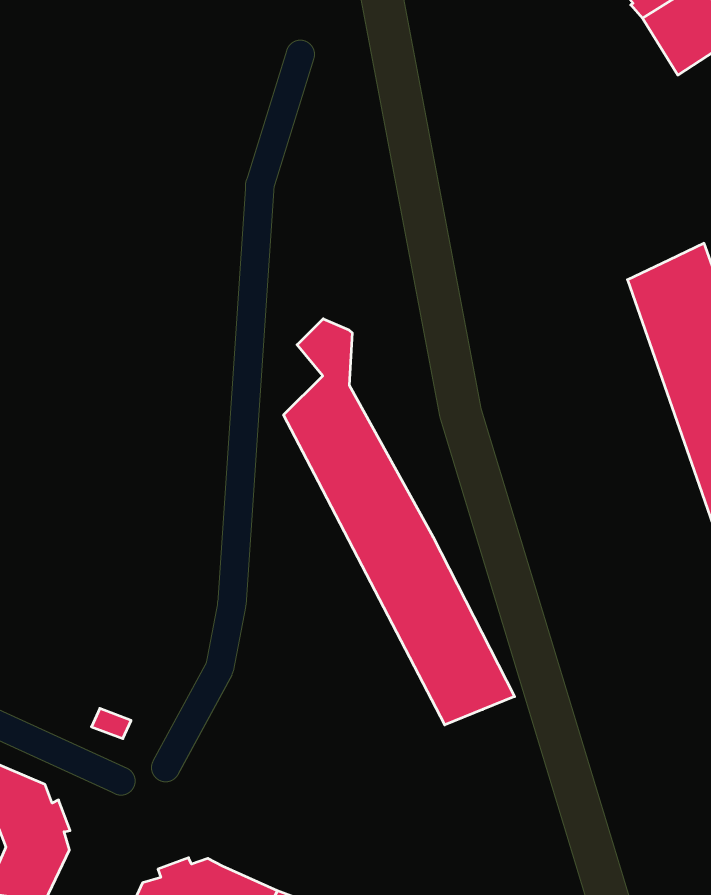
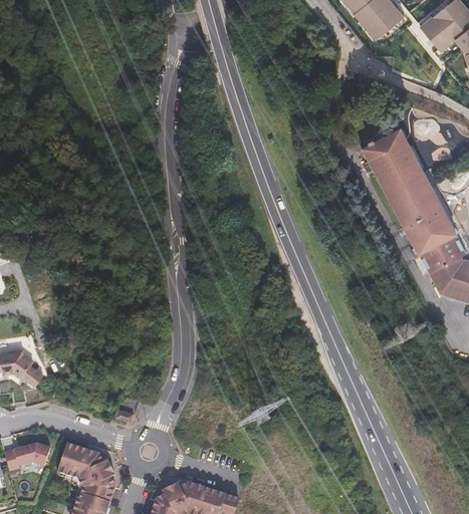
building: [284,319,515,725] -> none

